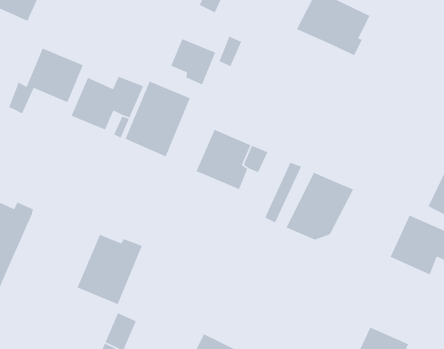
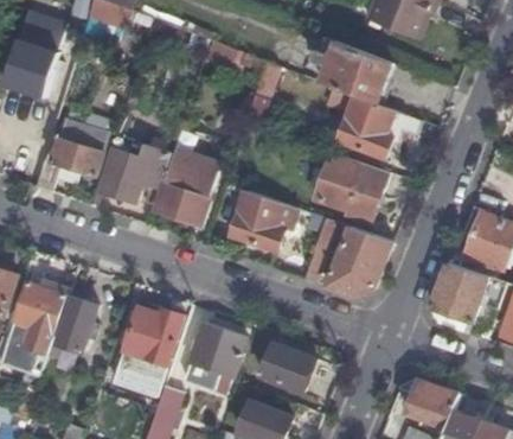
building: [170,38,216,85] -> none
building: none -> [335,95,419,159]
building: none -> [314,152,387,223]
building: none -> [45,294,96,360]
building: none -> [185,323,244,393]
building: none -> [261,343,315,392]

